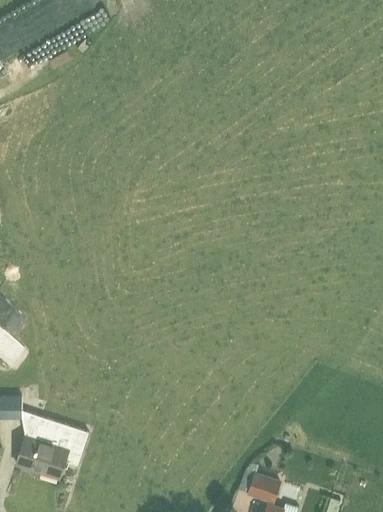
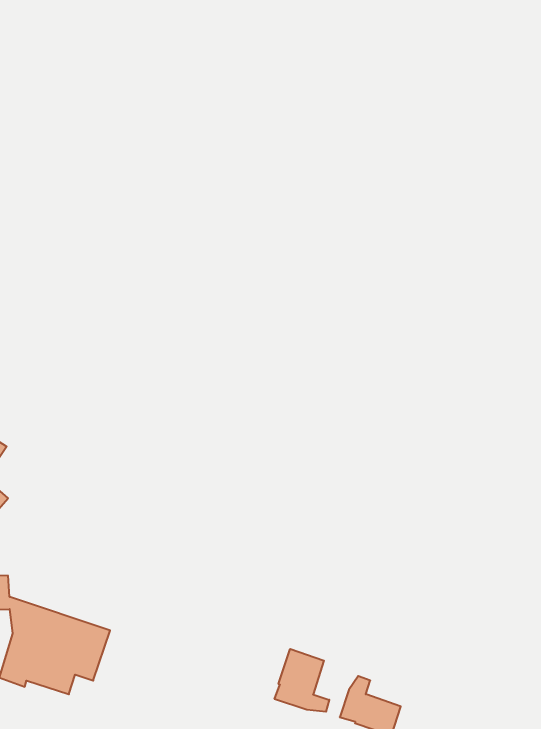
building: none -> [275,649,329,712]

